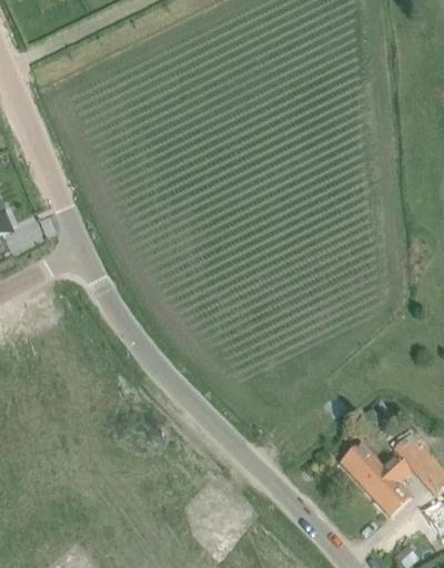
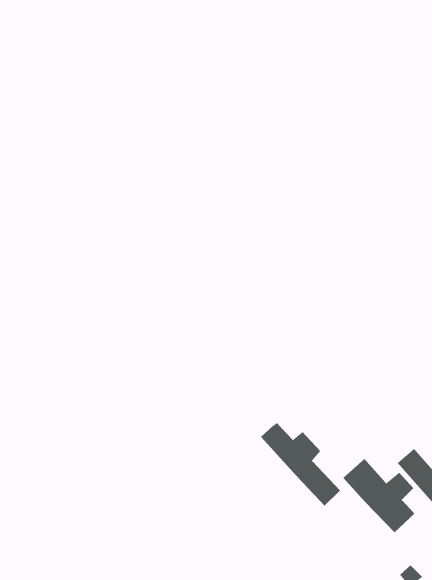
building: none -> [260,422,341,506]

